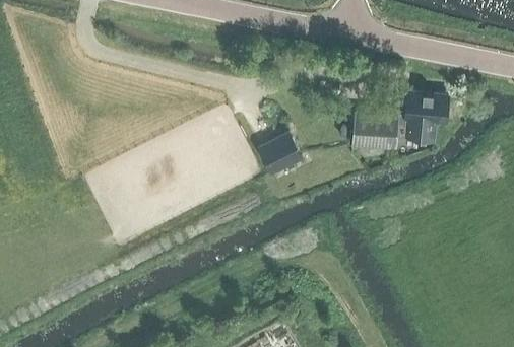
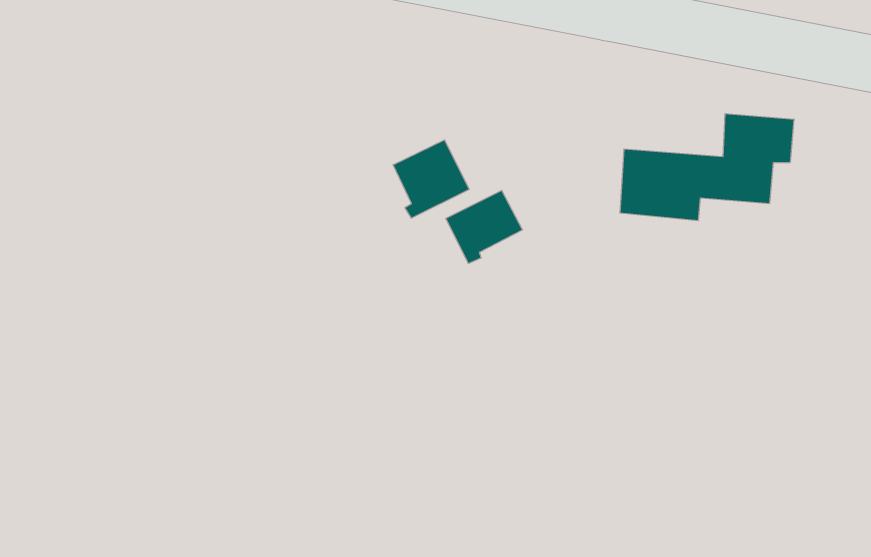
building: none -> [393,140,469,218]

